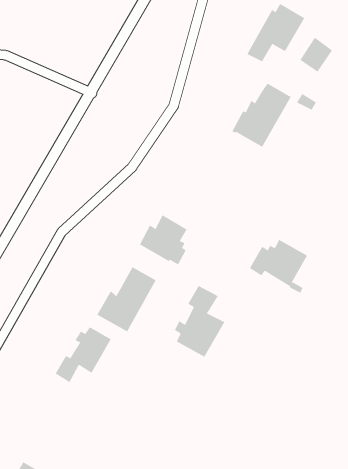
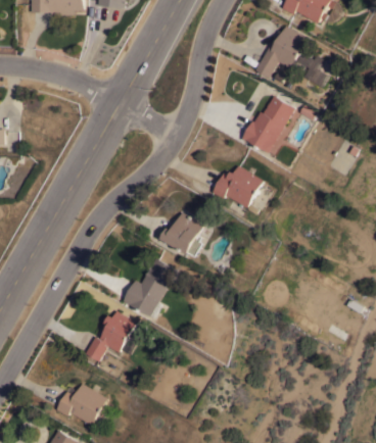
building: [249,239,308,293] -> [212,166,264,214]
building: [174,285,225,358] -> none
building: none -> [56,384,107,426]

